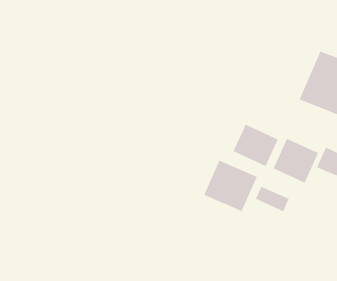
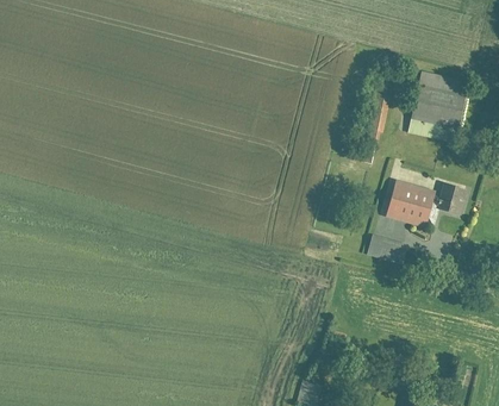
building: [233,124,278,167] -> none
building: [203,160,258,212] -> none

